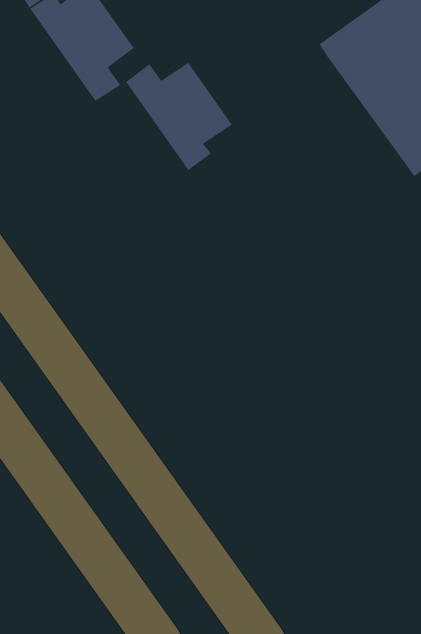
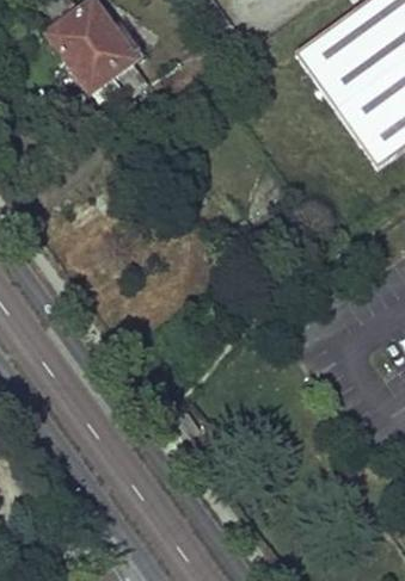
building: [125,62,233,171] -> none

